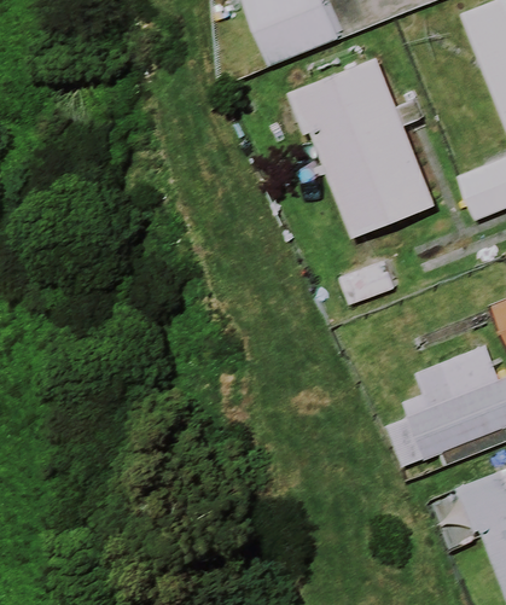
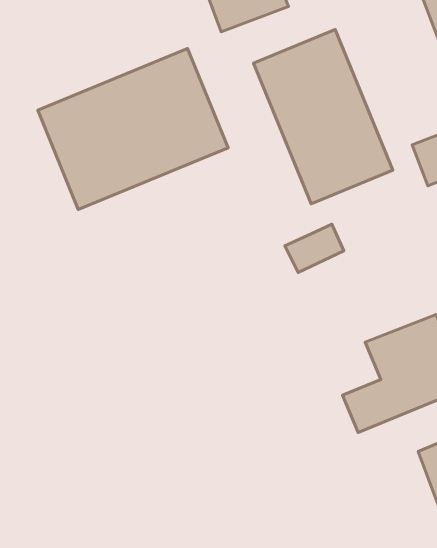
building: none -> [38,49,228,209]

